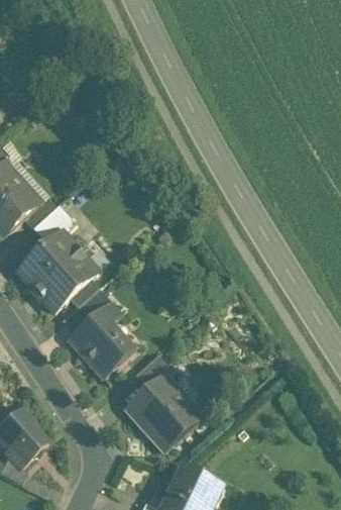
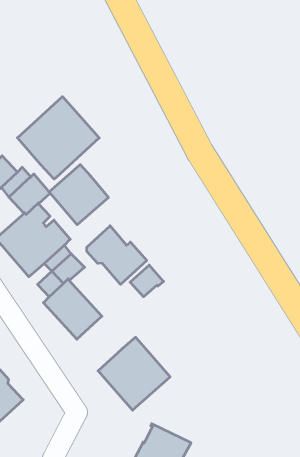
building: none -> [17,97,99,179]
building: none -> [49,165,108,225]
building: none -> [87,226,147,284]
building: [137,353,173,387] -> [130,265,164,297]

